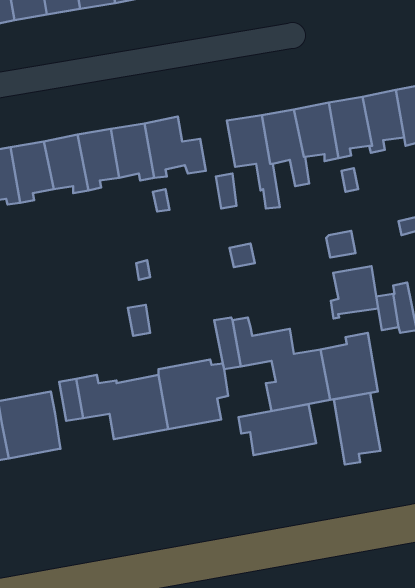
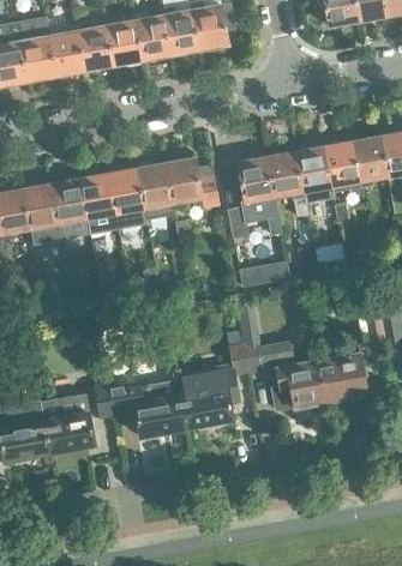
building: [331,266,378,318] -> none
building: [334,393,380,464] -> none
building: [238,404,316,455] -> none

